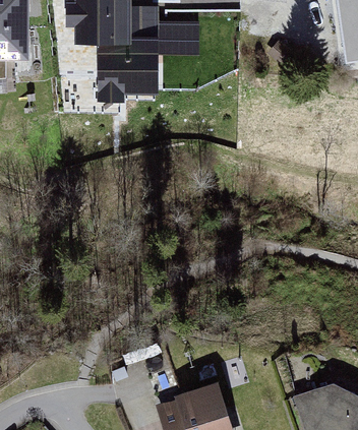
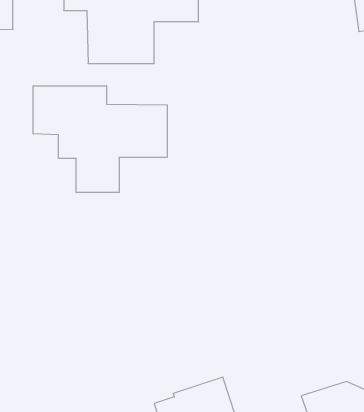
building: none -> [33,86,167,193]

